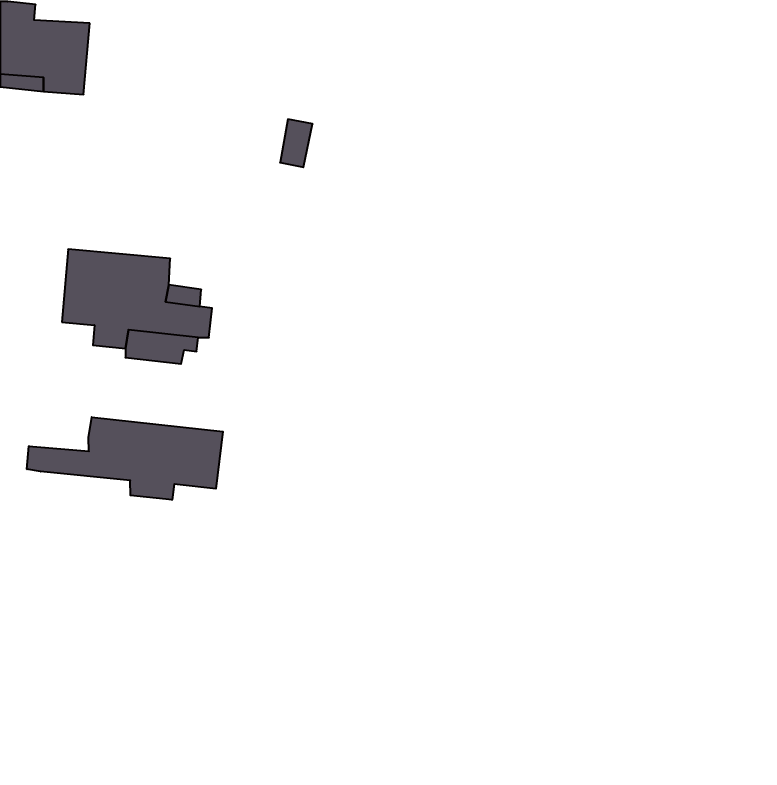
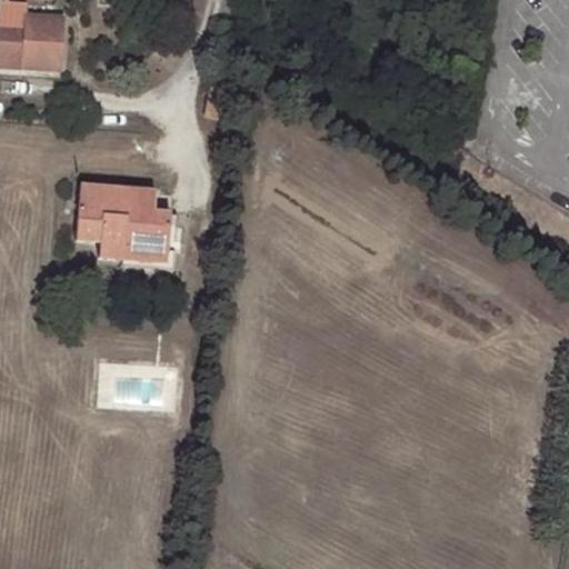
building: [27,417,223,500] -> none

